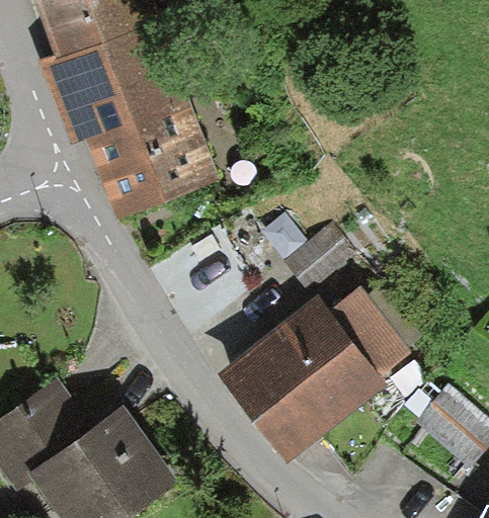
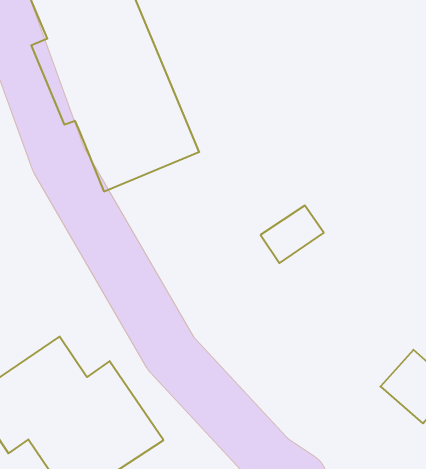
building: [220,289,405,459] -> none

